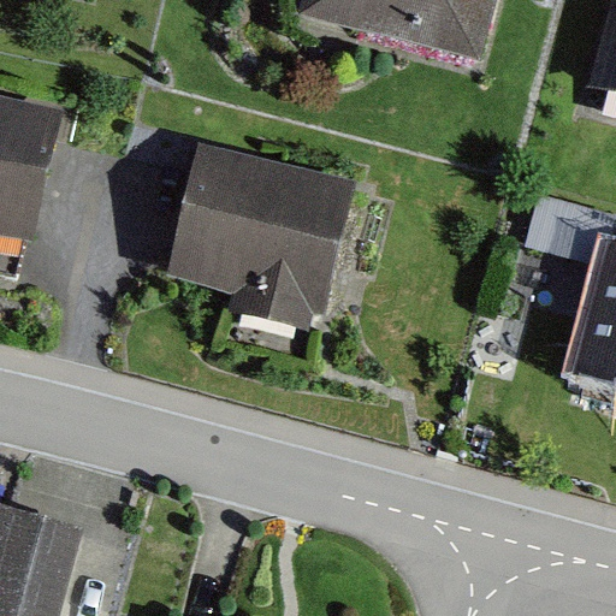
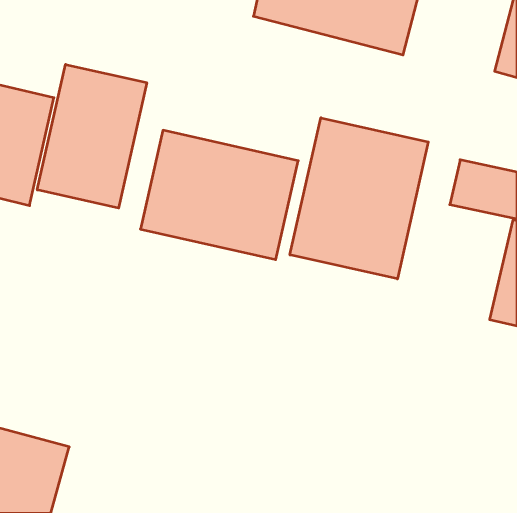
building: none -> [37,64,147,208]
building: none -> [290,118,428,279]

